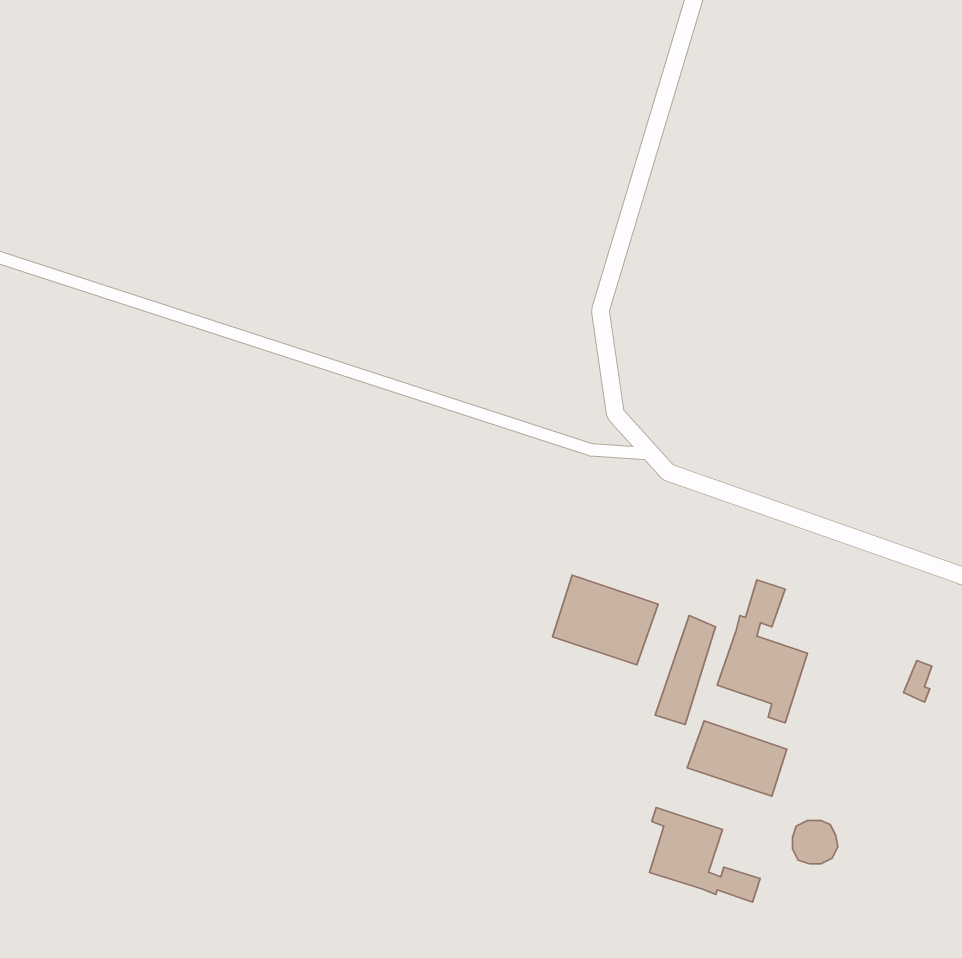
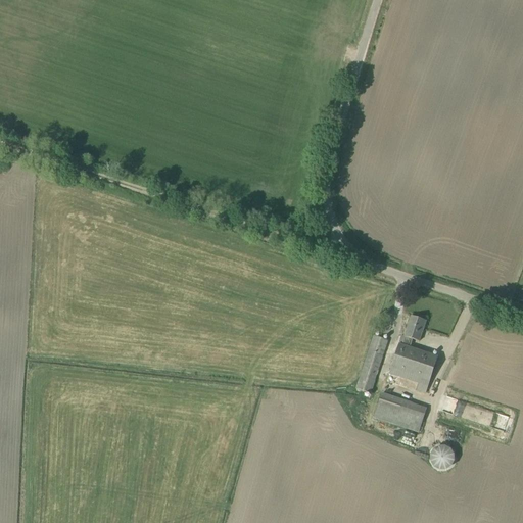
building: [552,575,658,665] -> none
building: [650,807,760,902] -> none

